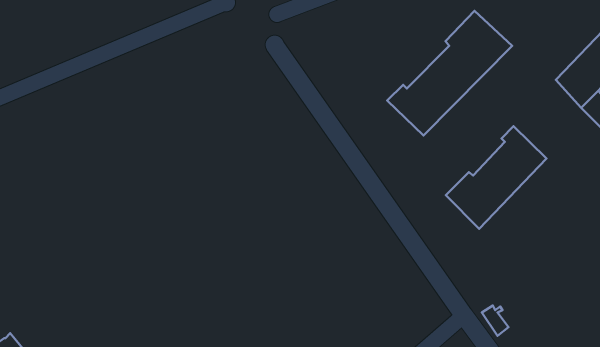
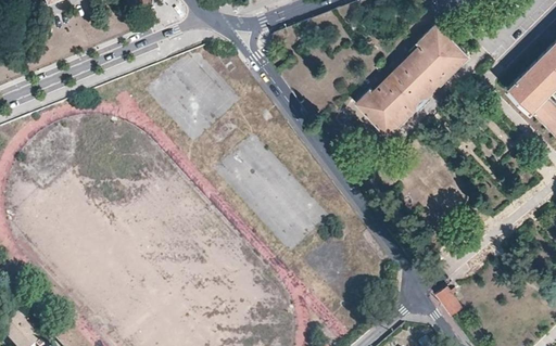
building: [446,126,546,229] -> none

